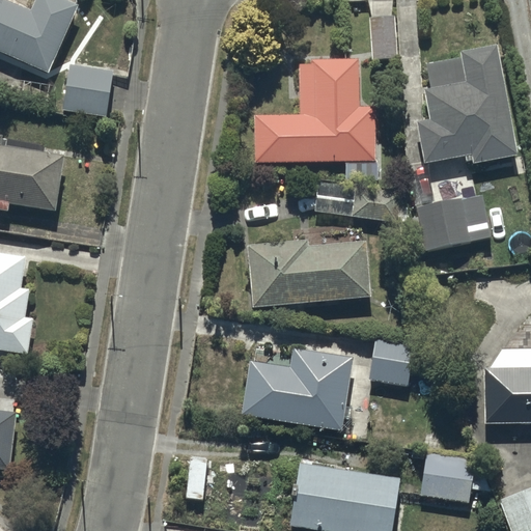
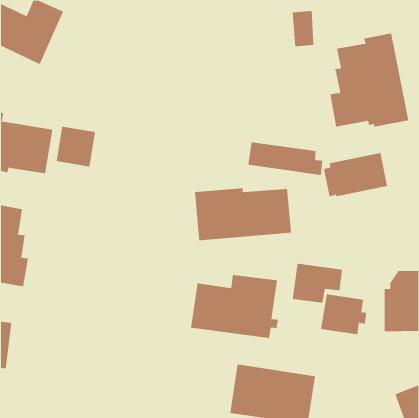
building: [253,58,376,180] -> none
building: [64,72,115,123] -> [56,126,96,167]
building: [419,451,478,503] -> [320,294,367,335]

